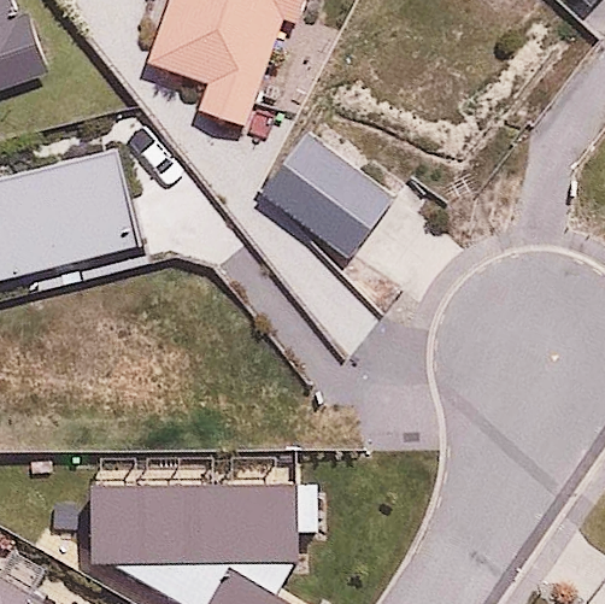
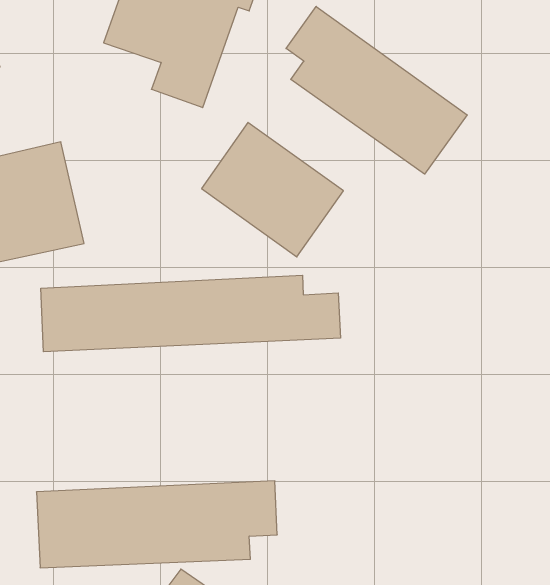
building: none -> [286,6,467,174]
building: none -> [41,275,340,352]

